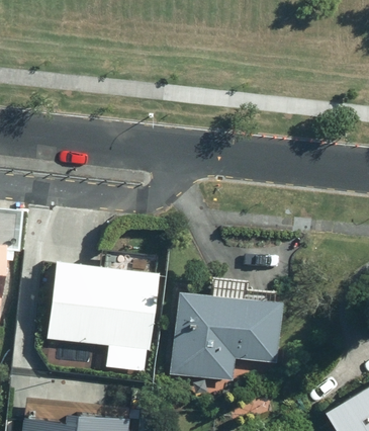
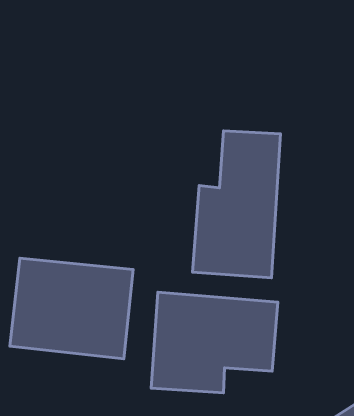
building: none -> [193,131,280,278]

